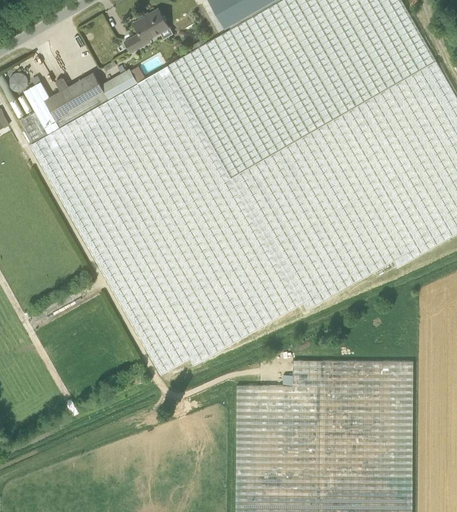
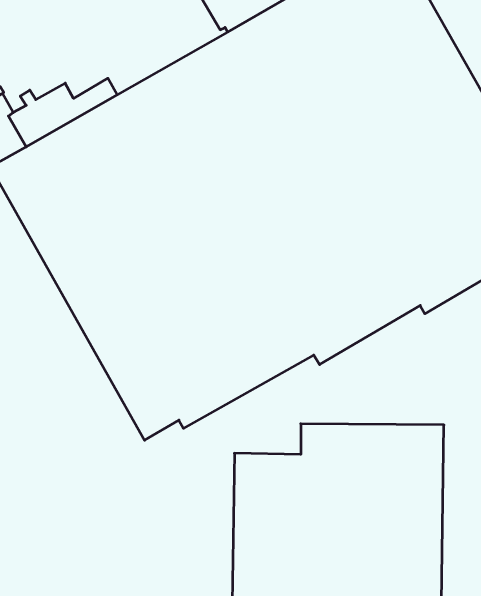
building: [125,8,168,52] -> none

